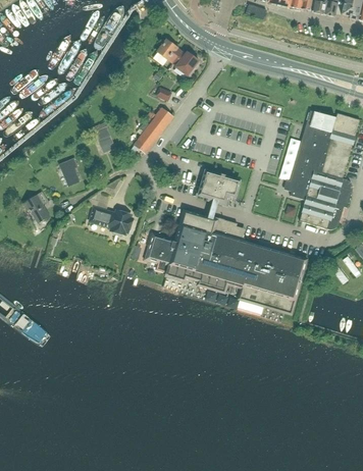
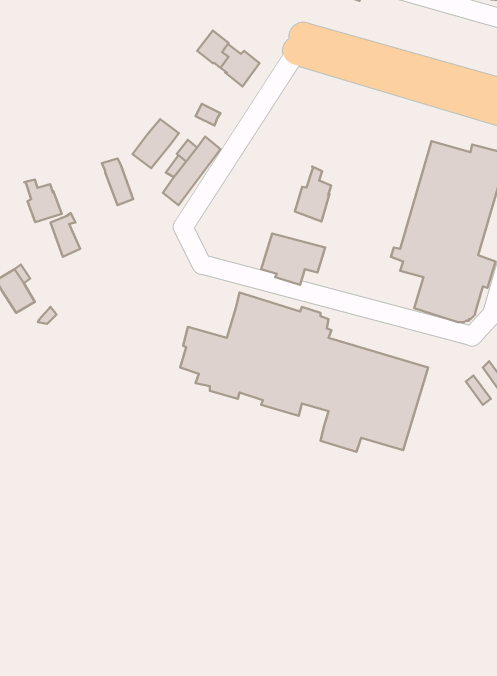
building: none -> [133,119,179,168]
building: none -> [295,167,331,221]
building: none -> [24,179,62,222]
building: [90,206,132,233] -> none

